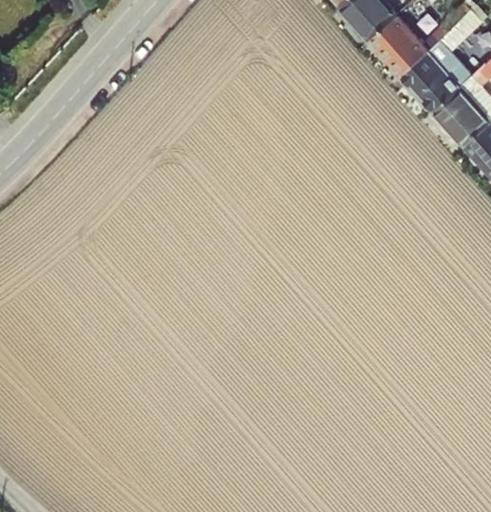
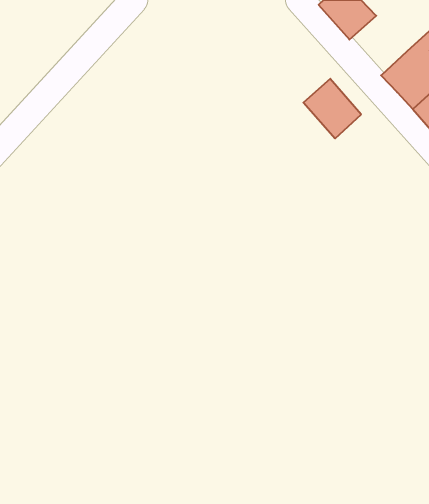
building: [369,17,427,77] -> [303,79,361,138]

